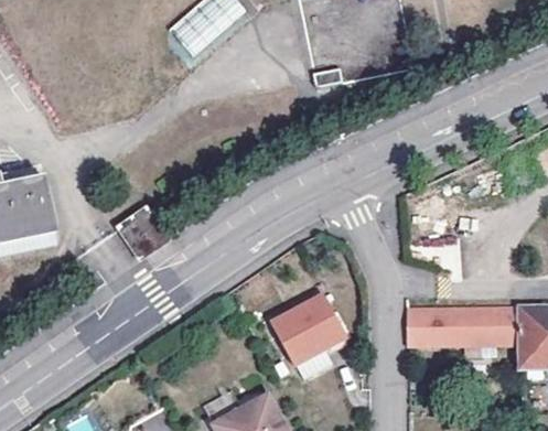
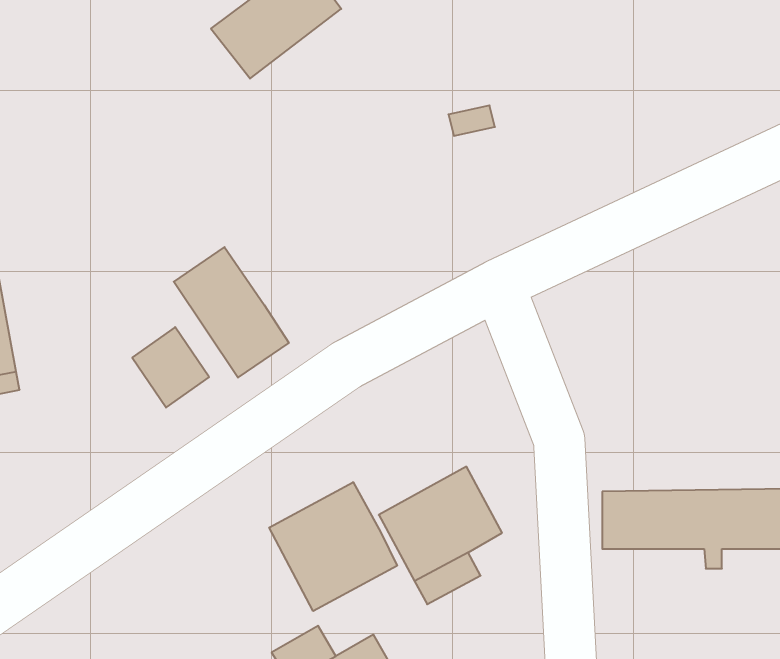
building: none -> [174,247,289,378]
building: none -> [269,482,397,611]

